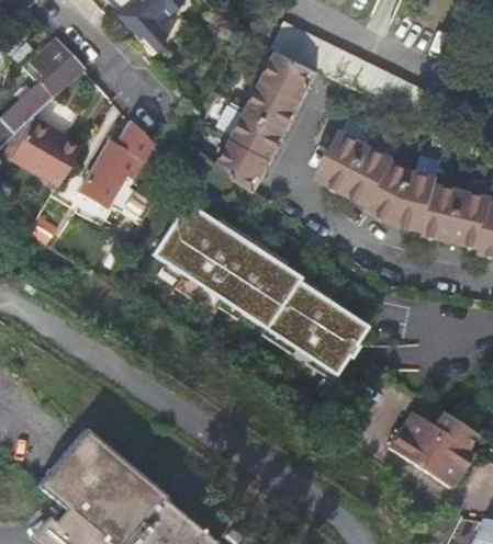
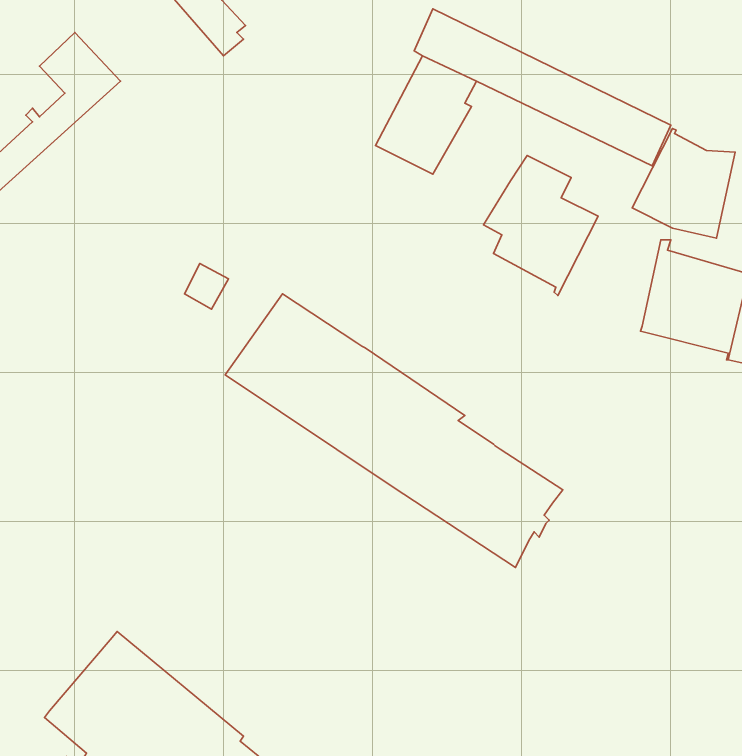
building: [220,112,287,186] -> none
building: [10,118,80,186] -> none
building: [85,121,150,206] -> none
building: [368,158,435,229] -> [632,129,735,238]
building: [384,407,474,490] -> none

